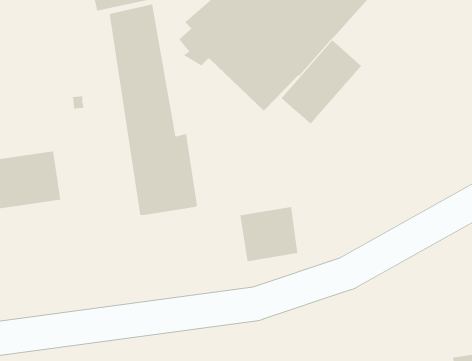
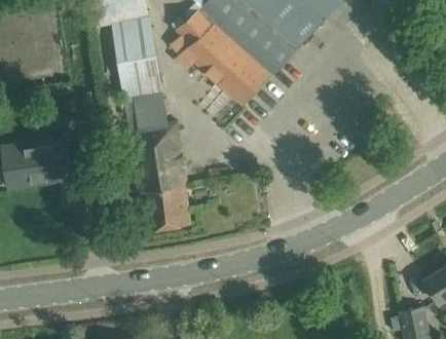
building: [281,40,362,125] -> none
building: [239,207,298,262] -> [141,185,190,231]

